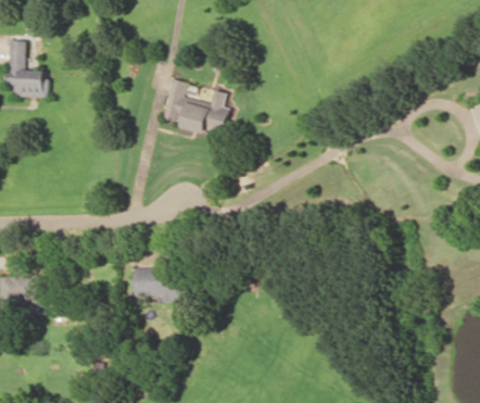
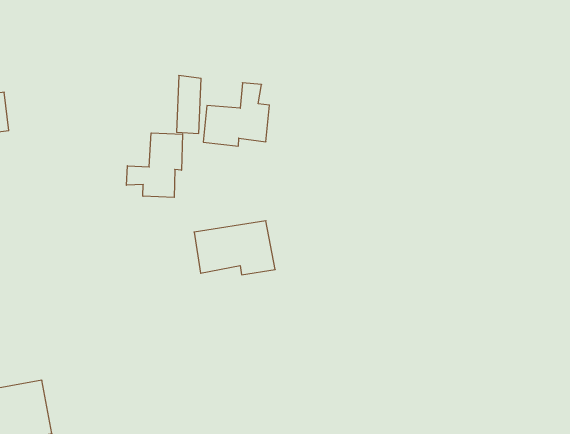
building: none -> [126,133,183,197]
building: [132,267,185,302] -> [194,221,275,275]

